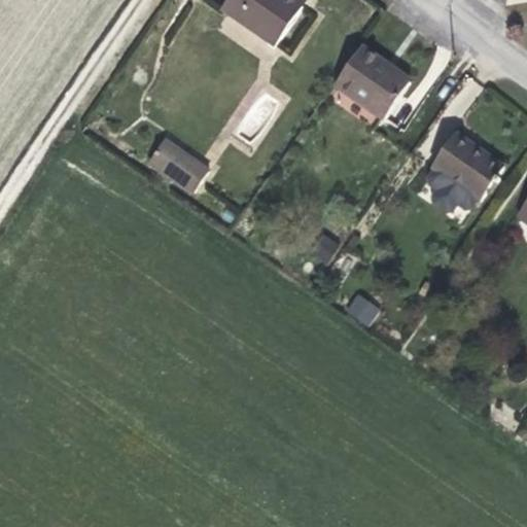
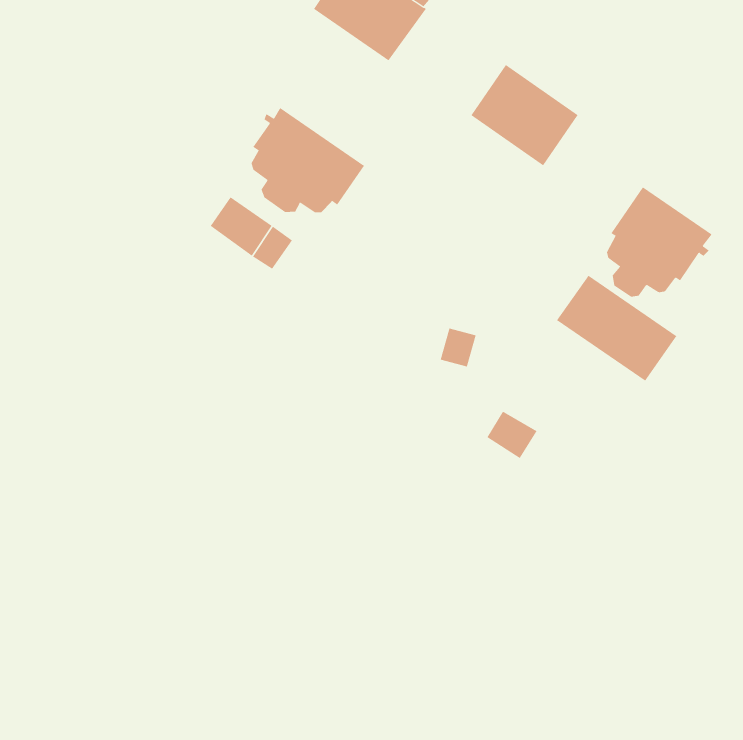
building: none -> [251,107,365,213]
building: none -> [556,275,677,382]

